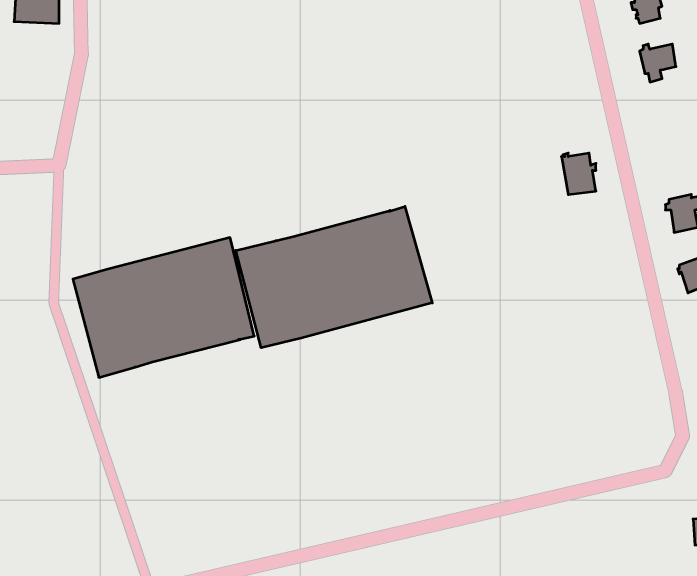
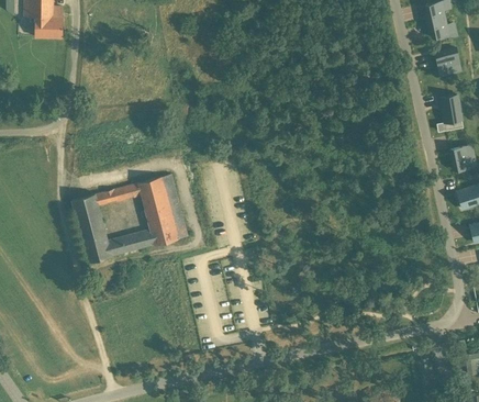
building: [561,153,596,195] -> [441,96,463,122]
building: [236,206,432,348] -> none

